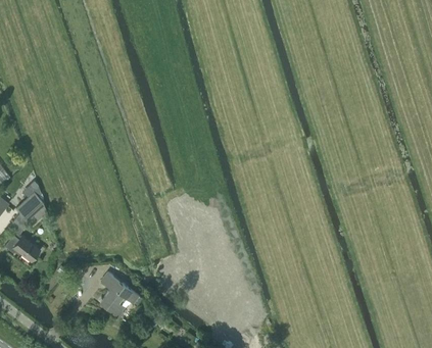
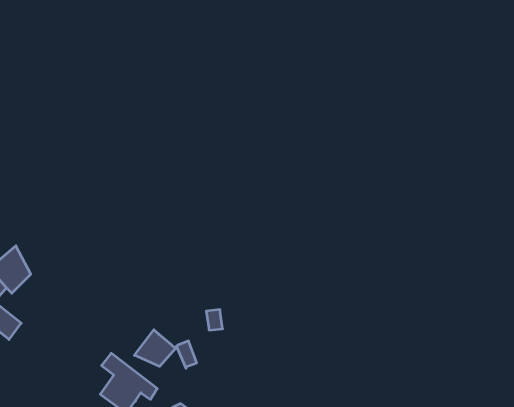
building: none -> [134,330,176,366]

